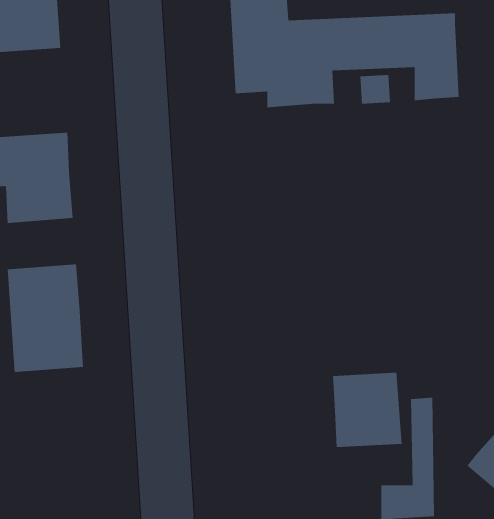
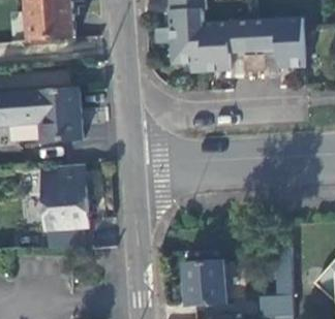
building: [332,372,402,448] -> [183,264,224,309]

